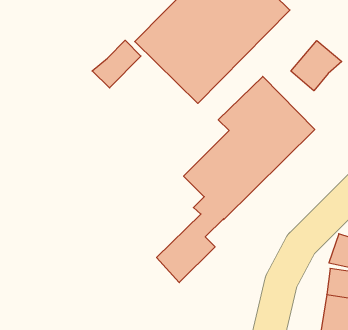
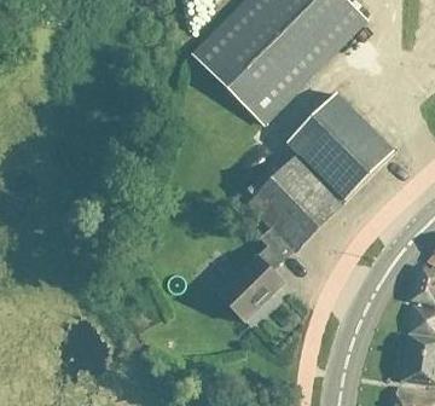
building: [92,40,141,88] -> none
building: [291,41,342,91] -> none

